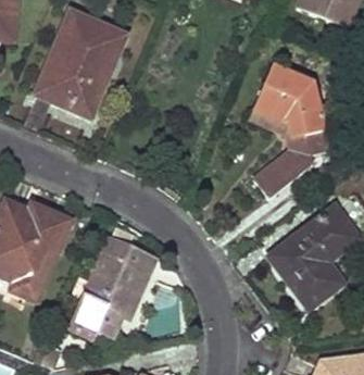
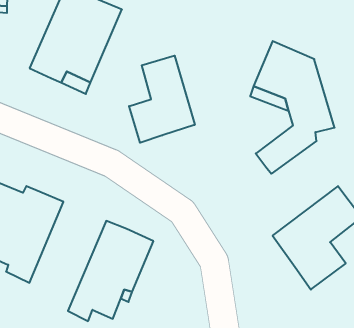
building: none -> [129,56,195,143]

